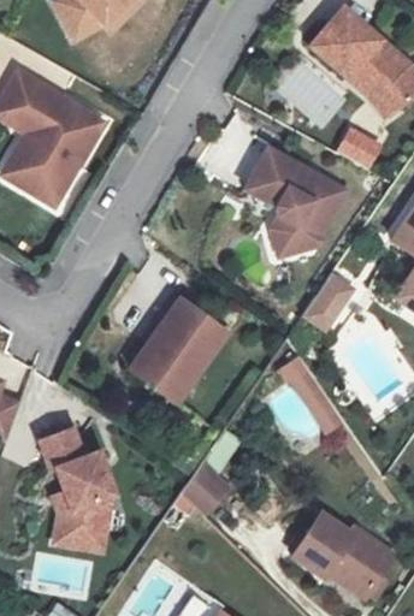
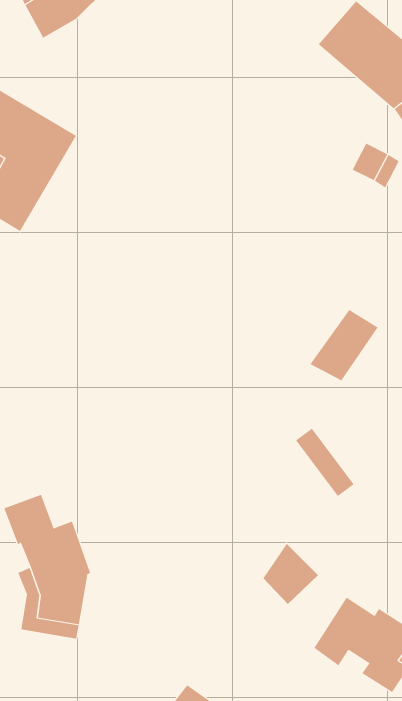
building: [239,140,347,256] -> none
building: [123,292,230,404] -> none
building: [188,460,236,513] -> [262,543,319,605]

